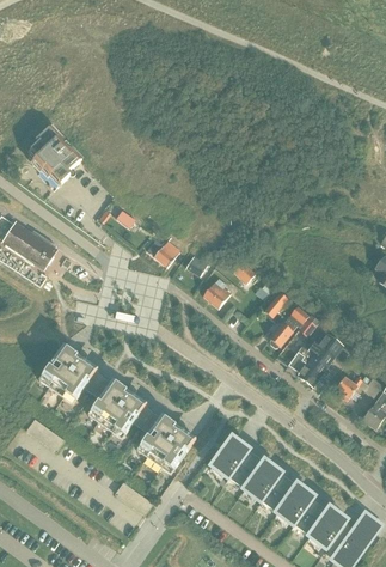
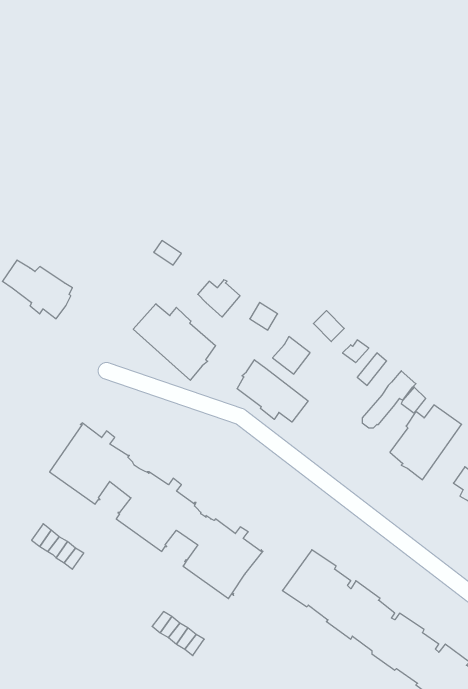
building: [35,127,81,187] -> none
building: none -> [133,304,216,380]
building: none -> [237,360,308,422]

